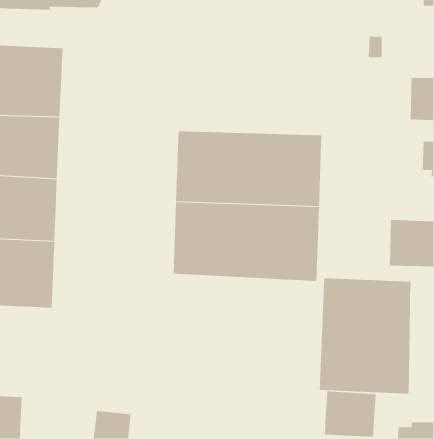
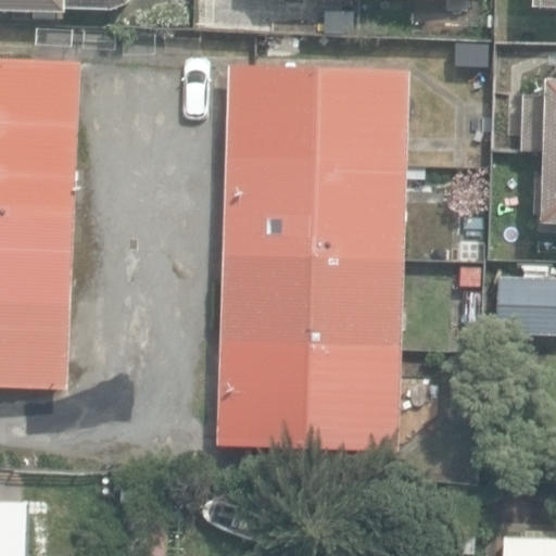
building: none -> [225,63,410,170]
building: none -> [214,345,401,453]
building: [319,277,411,394] -> none

